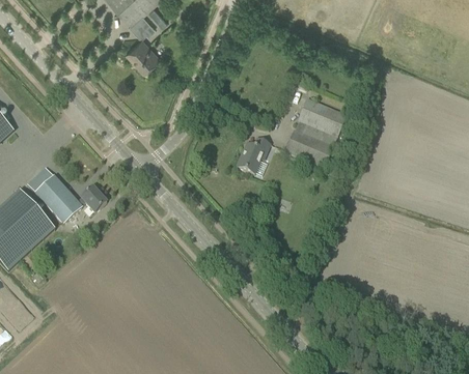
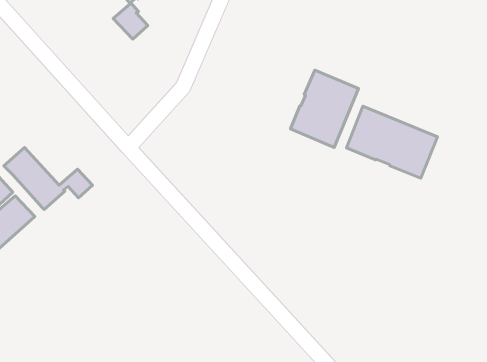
building: none -> [346,106,437,178]
building: [237,138,270,175] -> none

